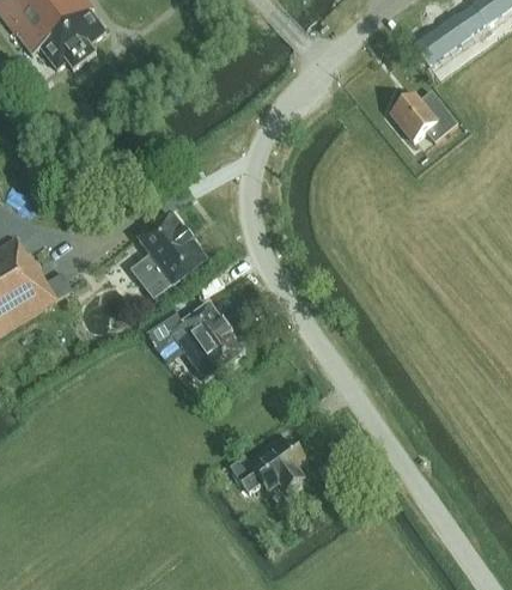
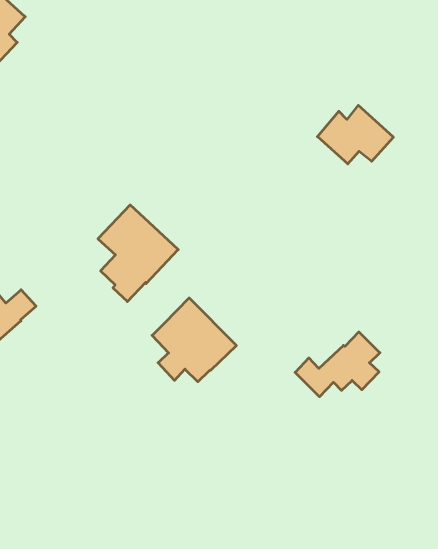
building: [390,91,457,142] -> [317,105,393,164]
building: [230,440,307,492] -> [295,332,380,397]

